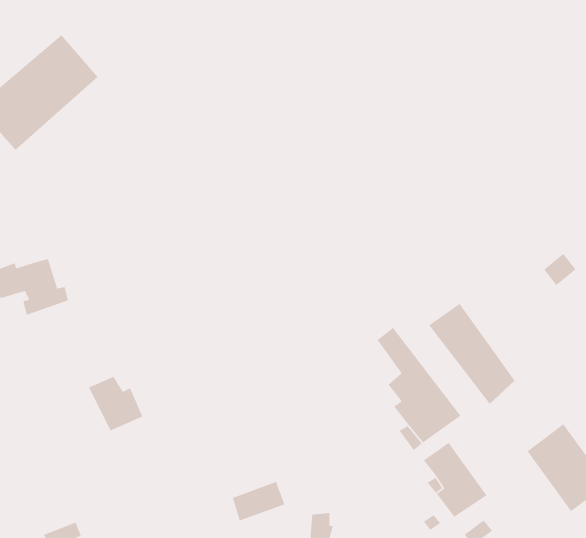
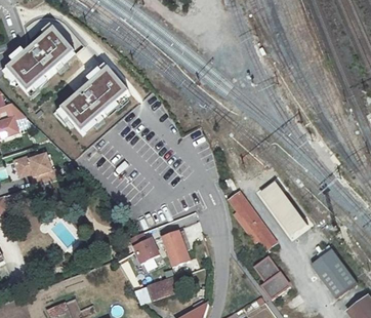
building: none -> [61,69,129,132]
building: [88,376,143,432] -> [127,232,158,263]
building: none -> [162,231,189,266]

